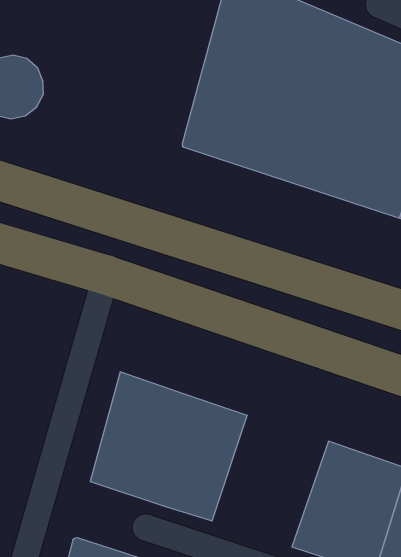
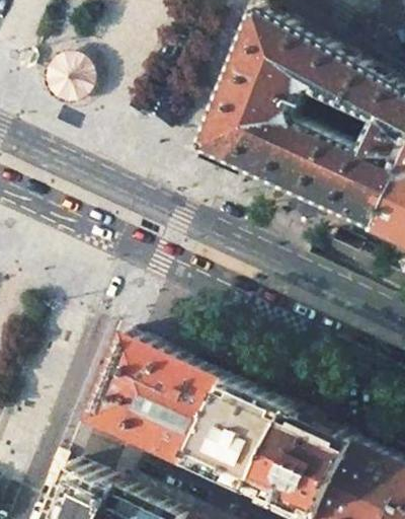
building: none -> [192,383,297,497]

